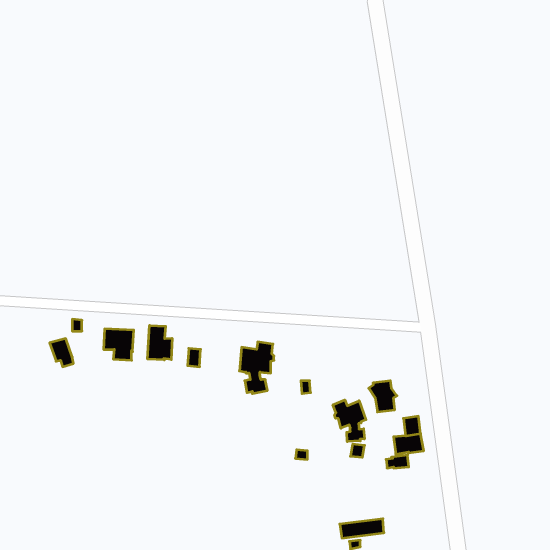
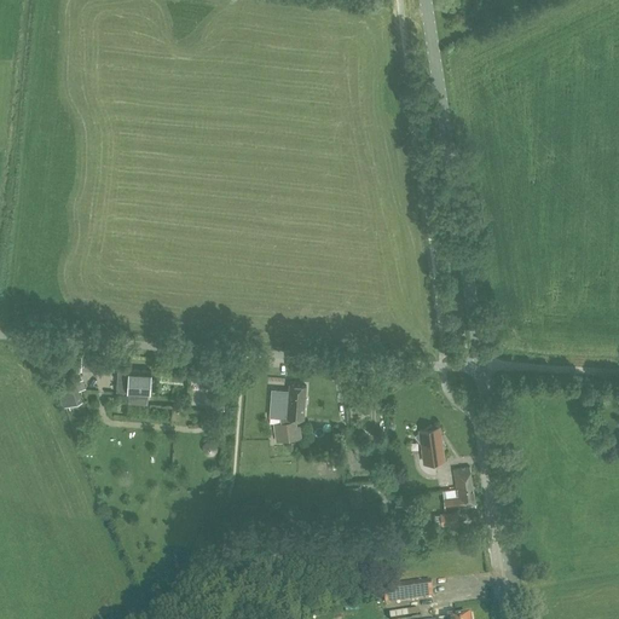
building: [148,325,172,360] -> none
building: [333,400,366,442] -> none

